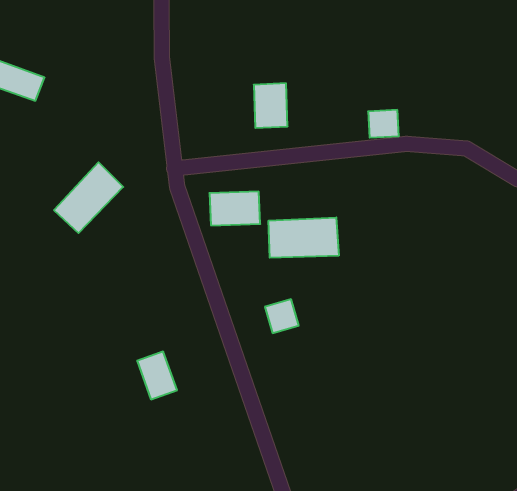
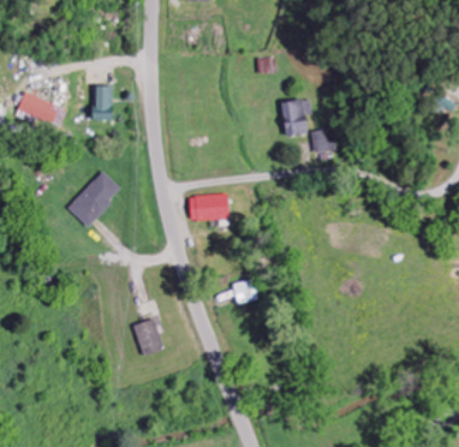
building: none -> [94,87,112,120]
building: [254,83,288,128] -> [282,101,309,136]
building: [269,217,339,258] -> none

